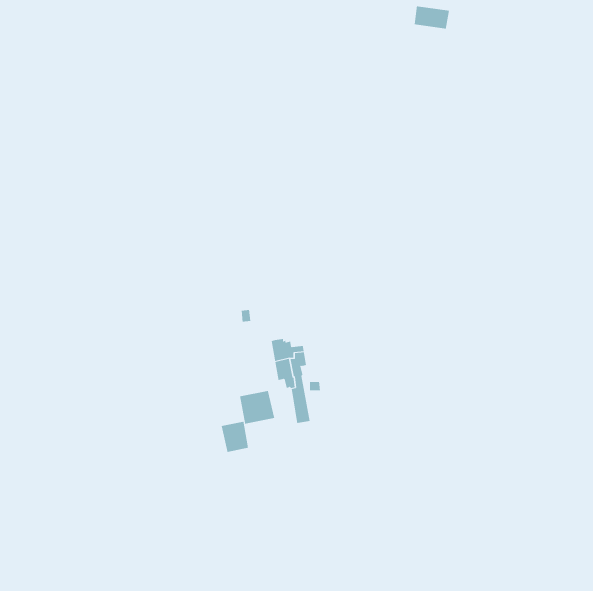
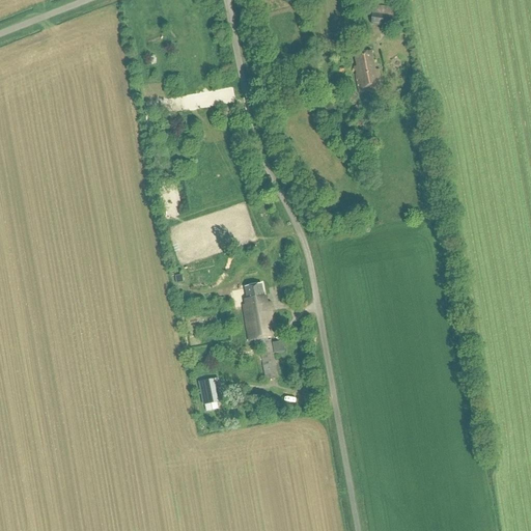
building: none -> [354,51,381,91]
building: none -> [244,282,271,309]
building: [240,390,275,424] -> none

